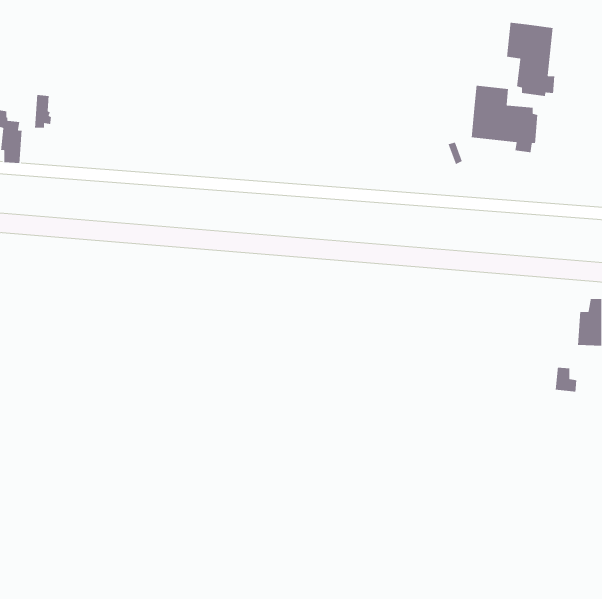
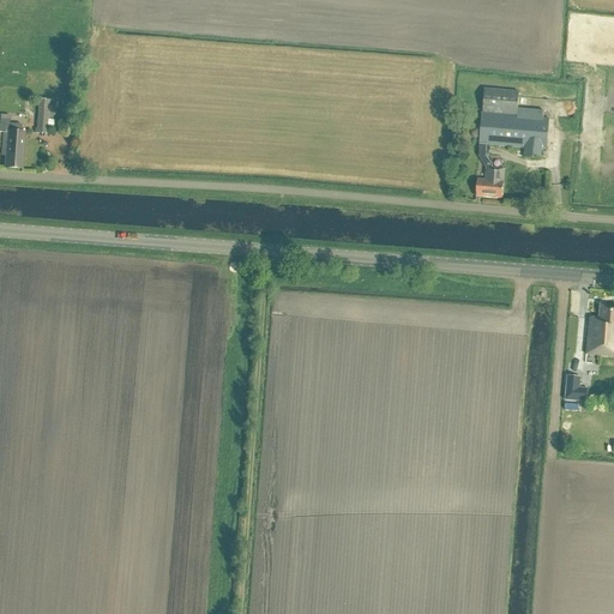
building: [506,22,555,97] -> none
building: none -> [475,167,502,197]

